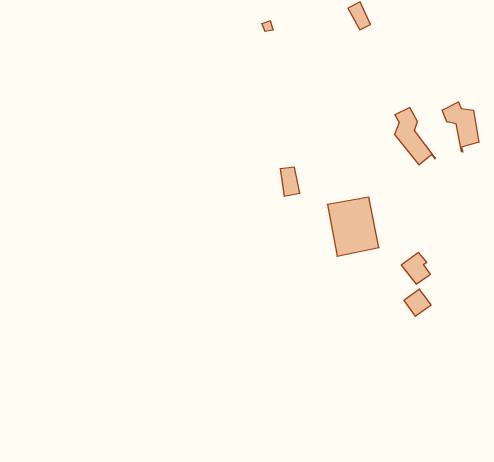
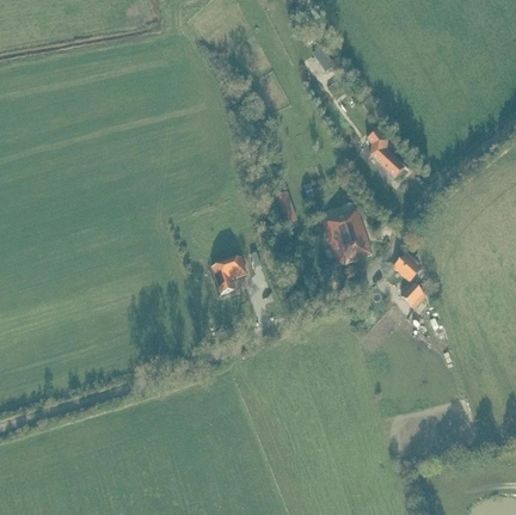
building: [442,102,479,152] -> none
building: none -> [211,256,245,293]

